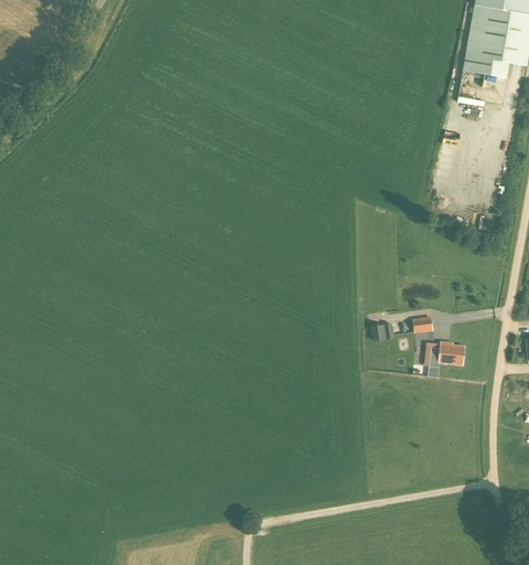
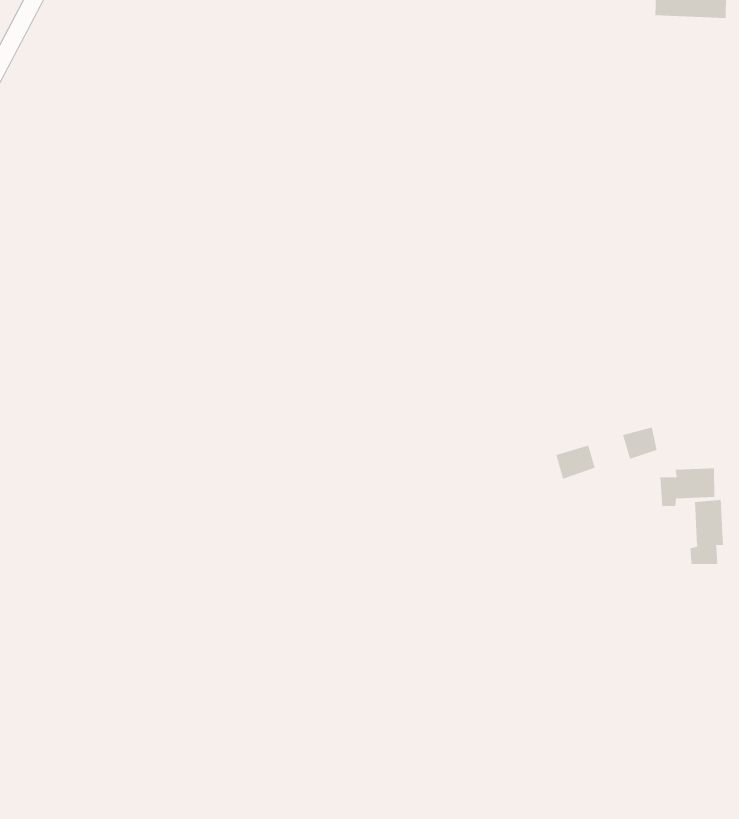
building: none -> [690,499,723,565]

